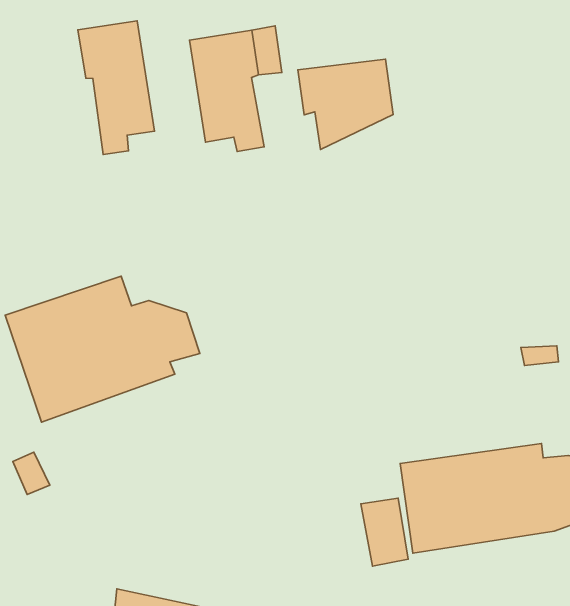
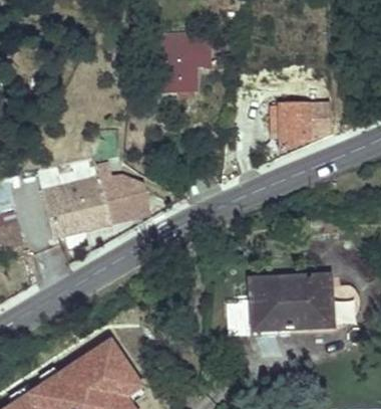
building: [78,21,154,154] -> none
building: [298,59,393,149] -> [272,104,322,150]

